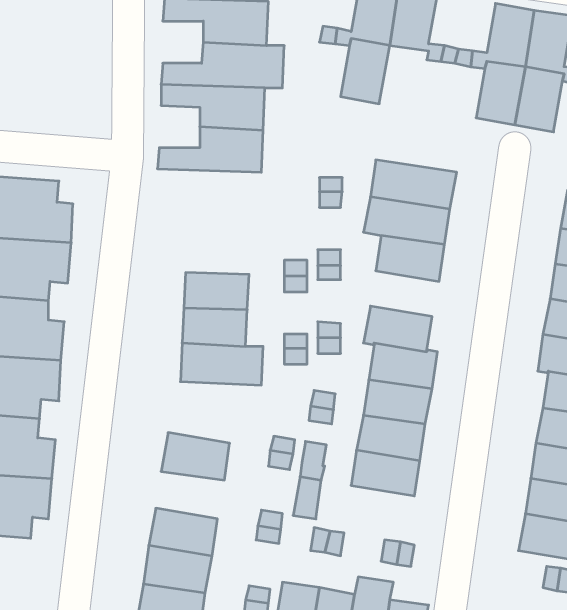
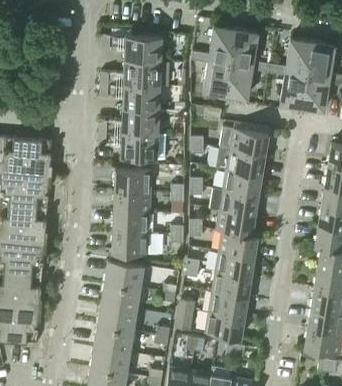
building: none -> [225,62,253,98]
building: none -> [99,132,168,159]
building: none -> [115,169,152,192]
building: none -> [210,188,259,216]
building: none -> [105,260,144,288]
building: none -> [98,304,137,331]
building: none -> [206,312,245,339]

